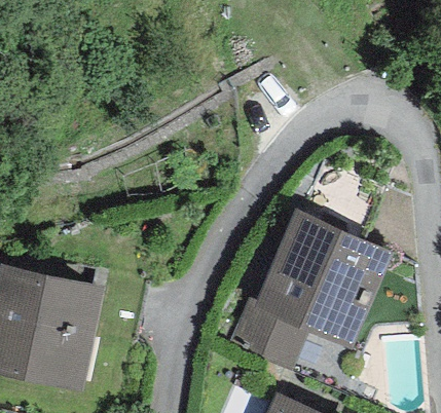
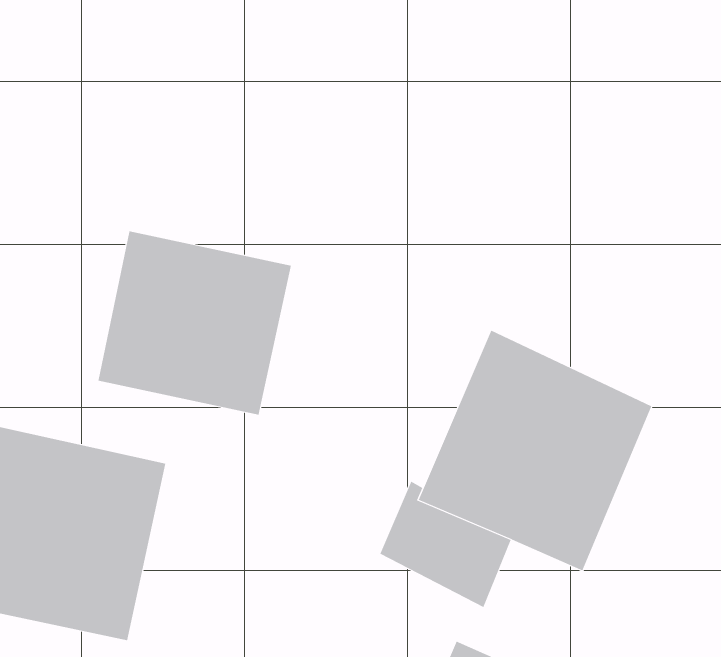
building: none -> [98,231,291,415]

